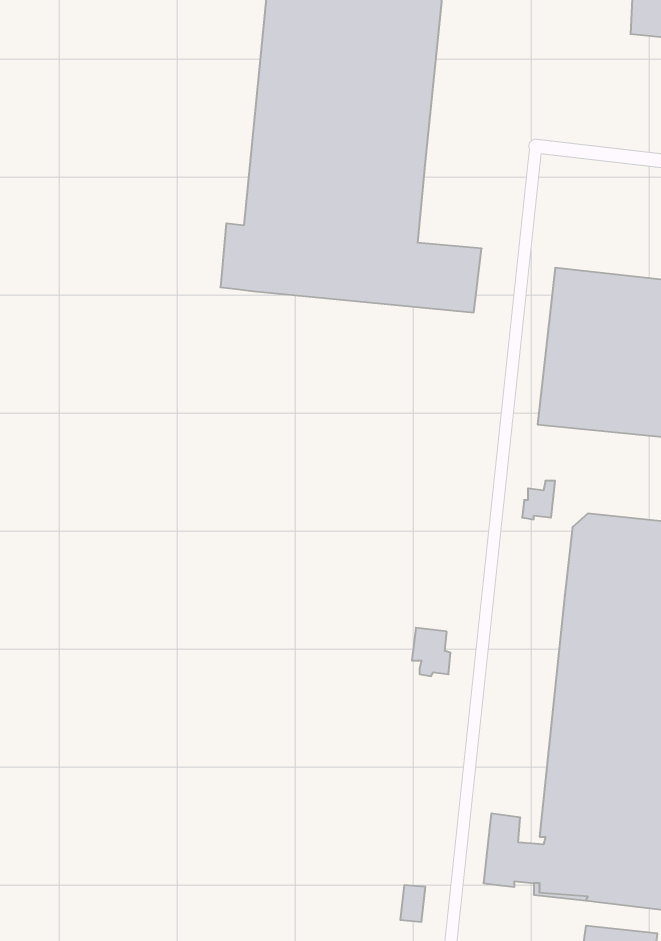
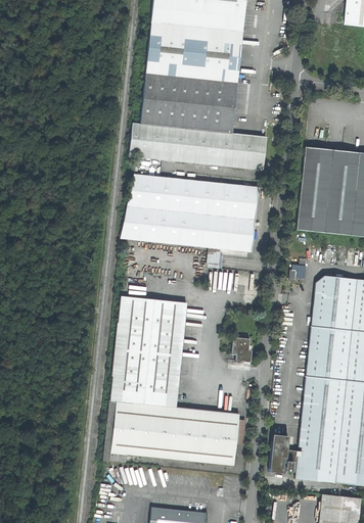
building: none -> [122,157,259,268]
building: none -> [104,297,243,464]

